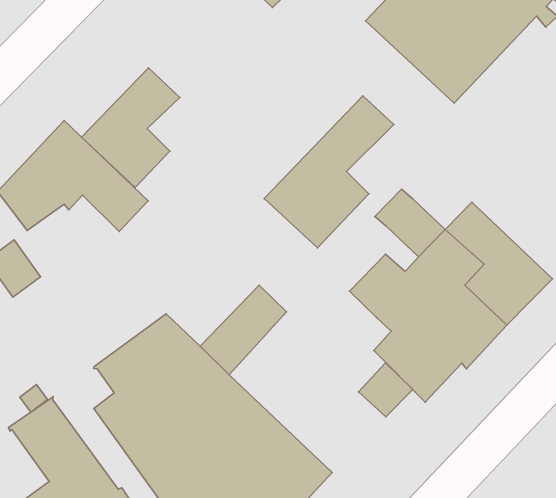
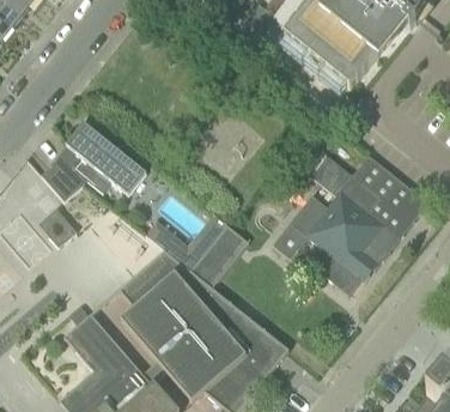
building: [82,68,180,187] -> none
building: [264,96,394,248] -> none
building: [358,363,413,417] -> [273,222,310,259]

